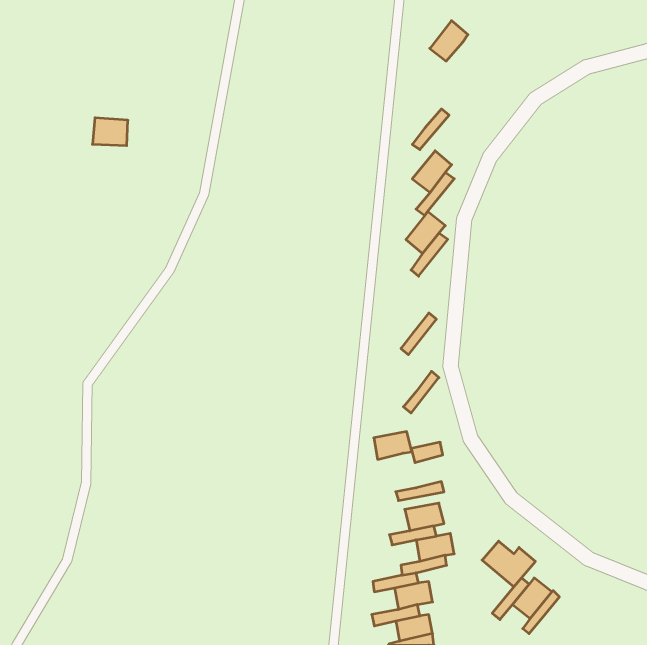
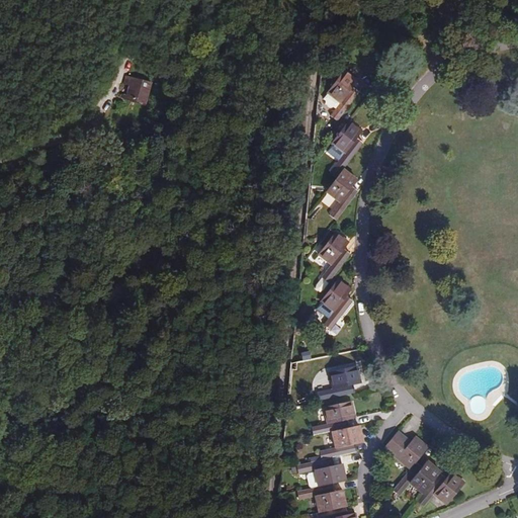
building: [430,21,468,61] -> [327,70,357,102]
building: [92,118,128,146] -> [121,76,150,98]
building: none -> [317,233,348,265]
building: none -> [319,279,350,313]
building: [374,432,412,459] -> [330,367,360,390]
building: none -> [434,472,464,504]

